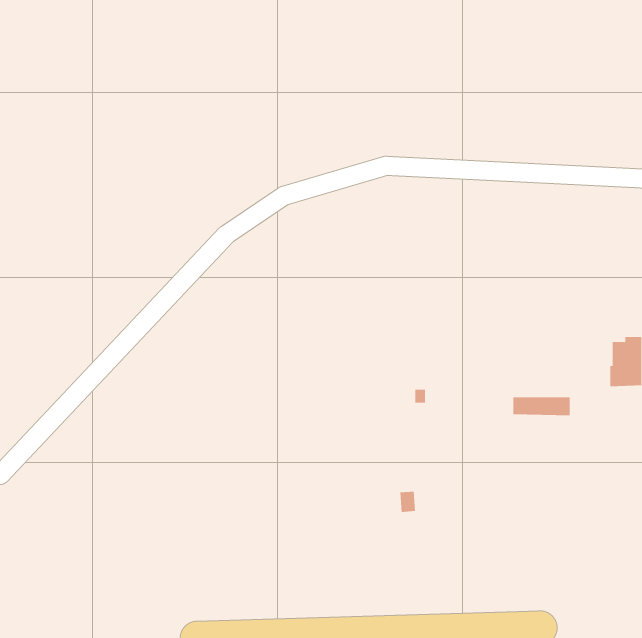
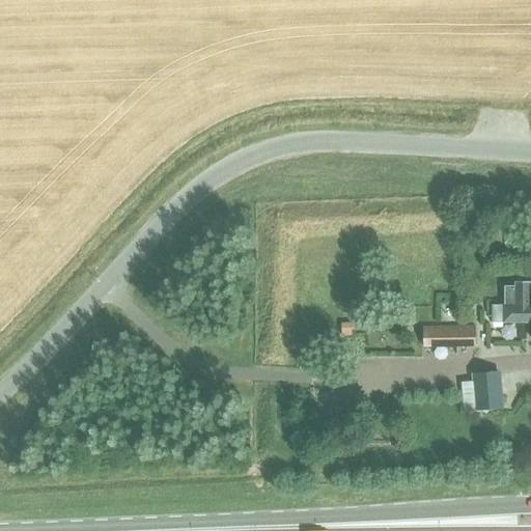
building: none -> [474,370,502,406]

